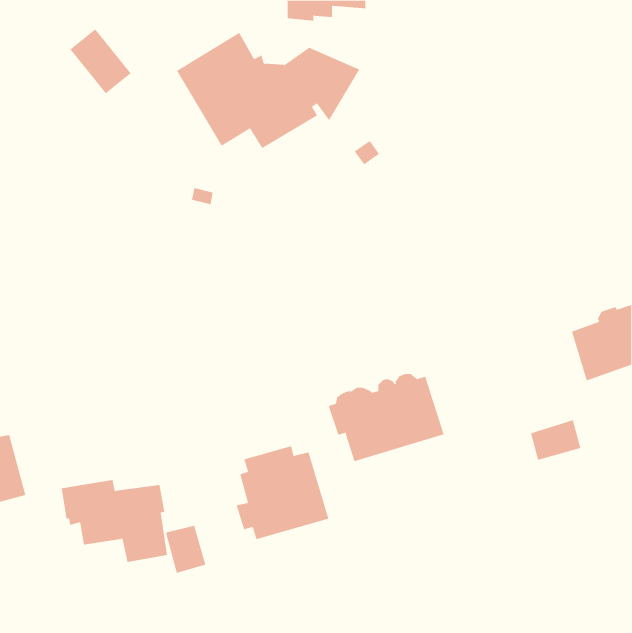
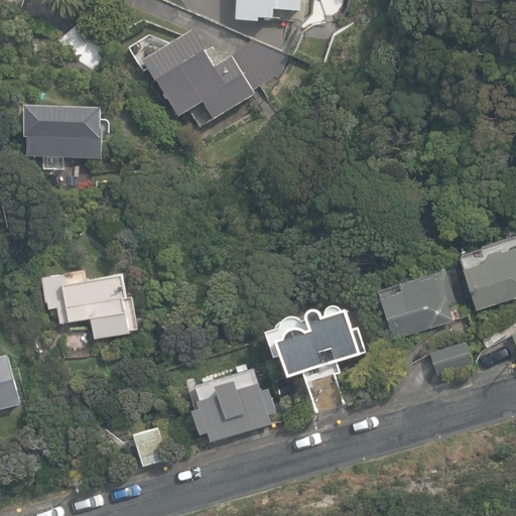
building: none -> [24,105,103,170]
building: none -> [380,274,454,340]
building: [61,479,168,563] -> [42,271,129,339]

